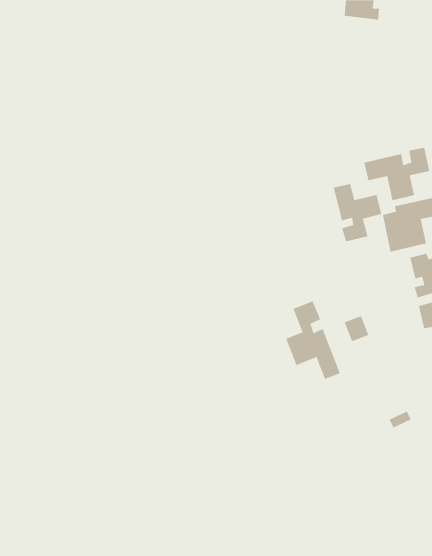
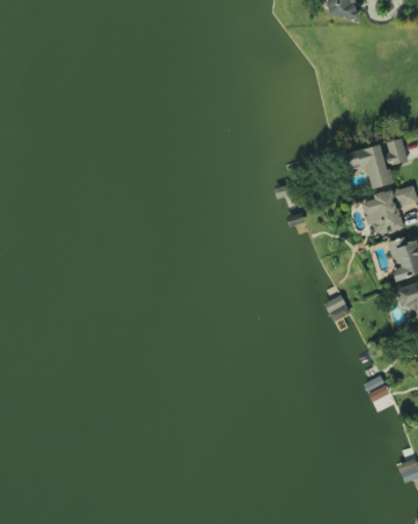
building: [333,183,382,242] -> none
building: [286,300,341,380] -> none

